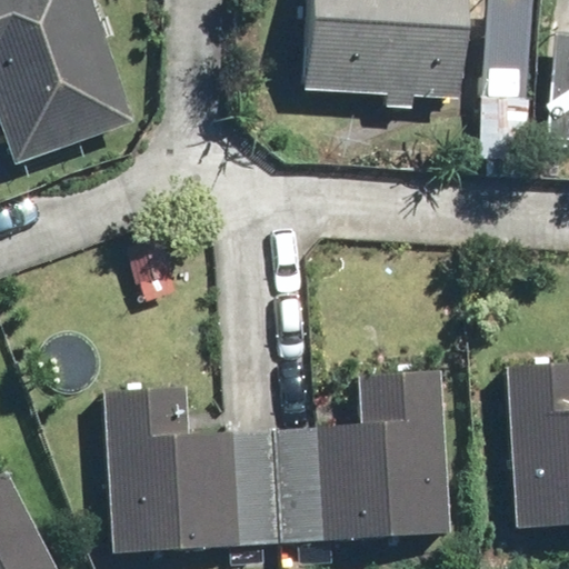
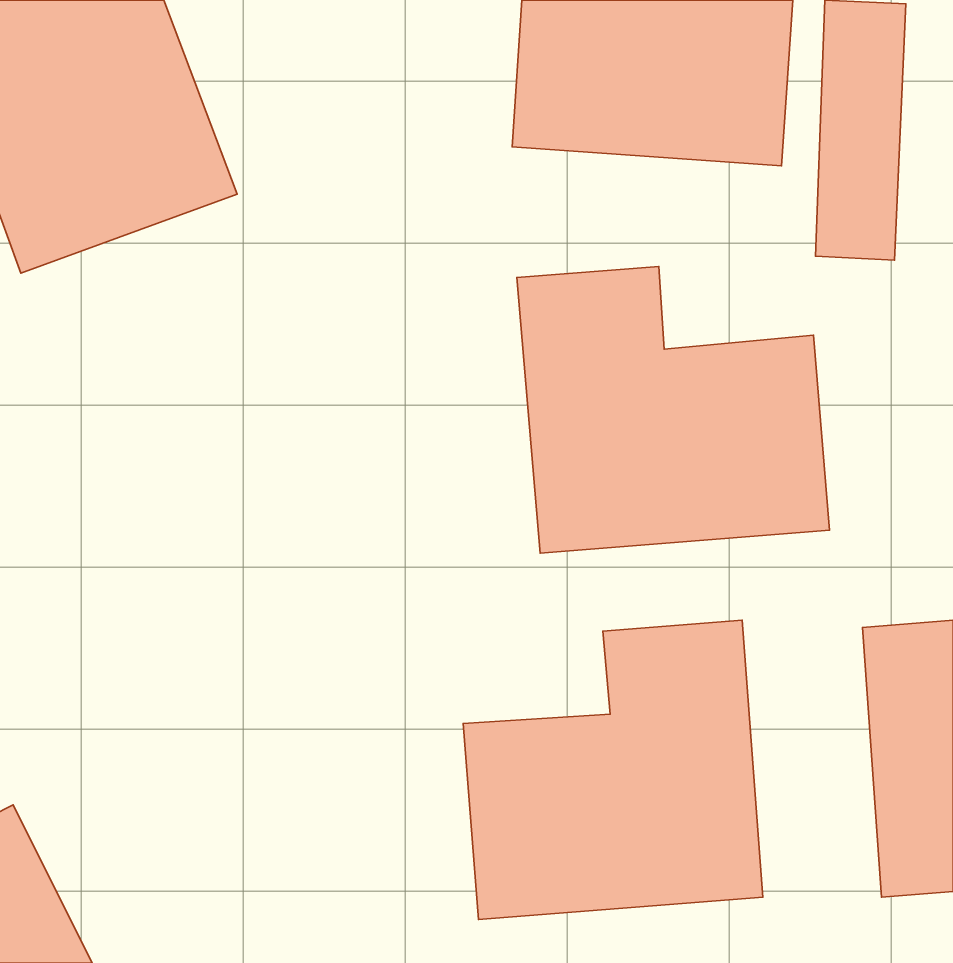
building: none -> [517,267,829,553]
building: [104,386,282,555] -> none

